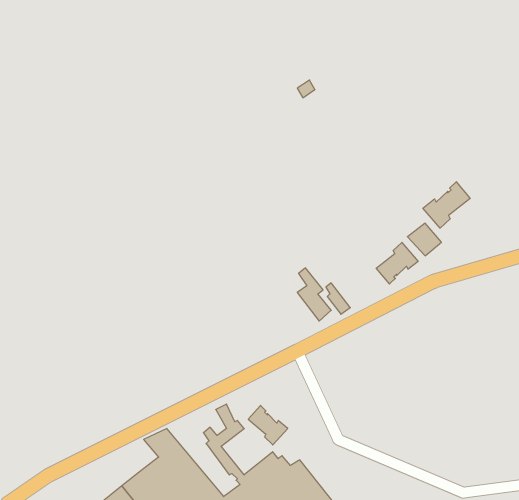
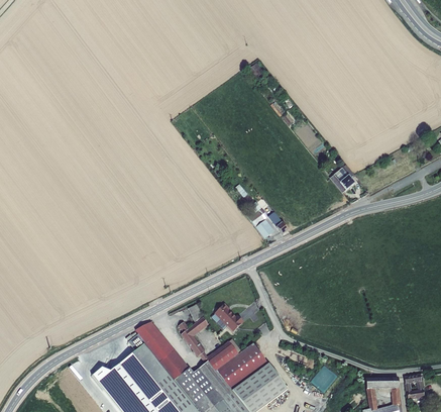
building: [423,182,470,228] -> none
building: [376,242,418,284] -> none

